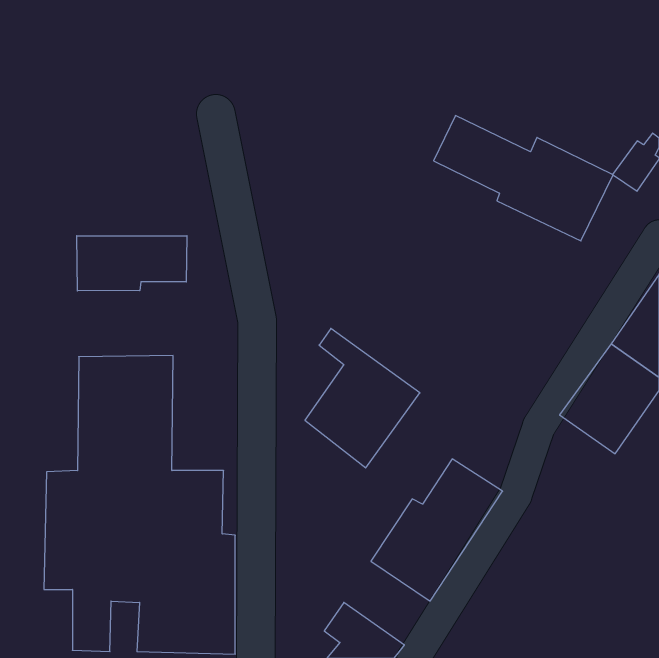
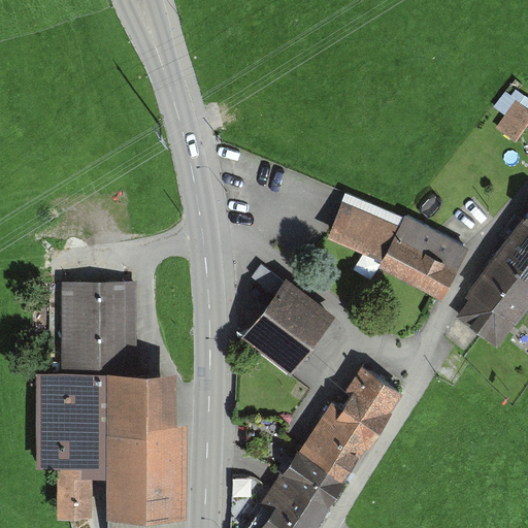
building: [434,116,613,241] -> [329,200,472,300]
building: [77,236,187,291] -> none
building: none -> [274,449,343,513]

